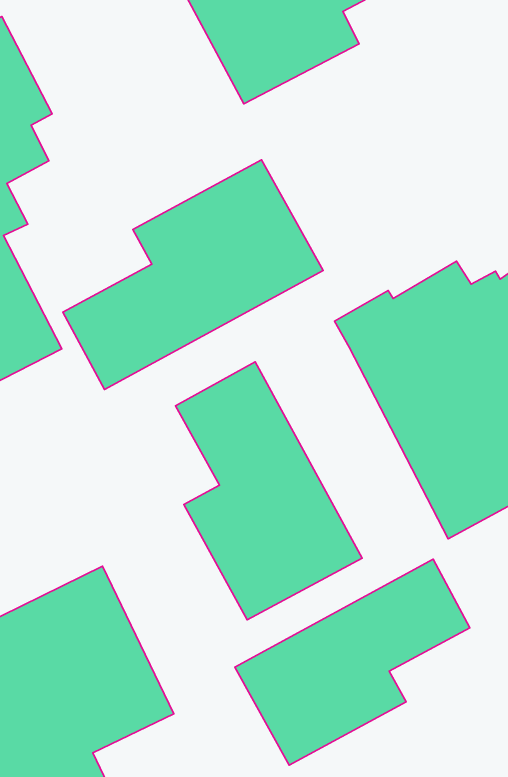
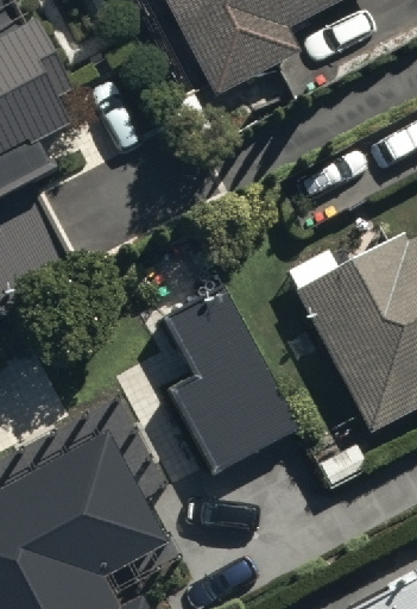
building: [63,160,323,390] -> none
building: [235,559,470,765] -> none

